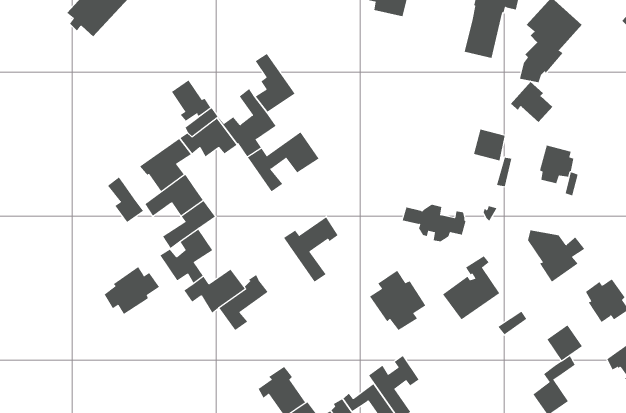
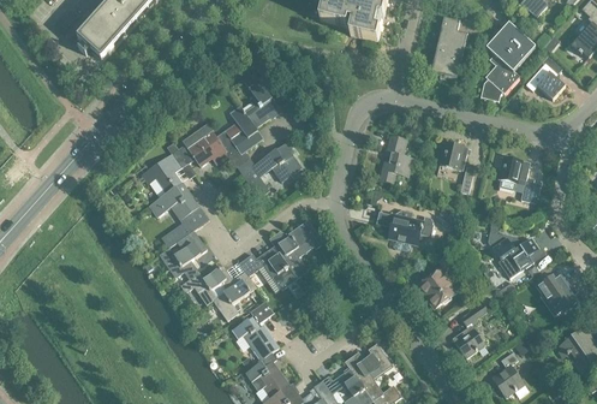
building: [171,79,211,122] -> none
building: [510,81,553,123] -> [526,63,565,100]
building: none -> [378,135,412,182]
building: [107,177,144,223] -> none
building: none -> [239,245,297,289]
building: [104,266,160,315] -> none
building: [369,270,426,331] -> none
building: none -> [232,301,279,360]
building: [546,325,583,361] -> [452,325,484,357]

